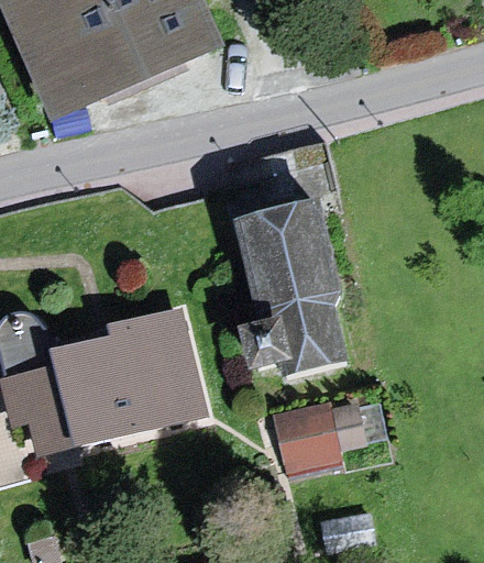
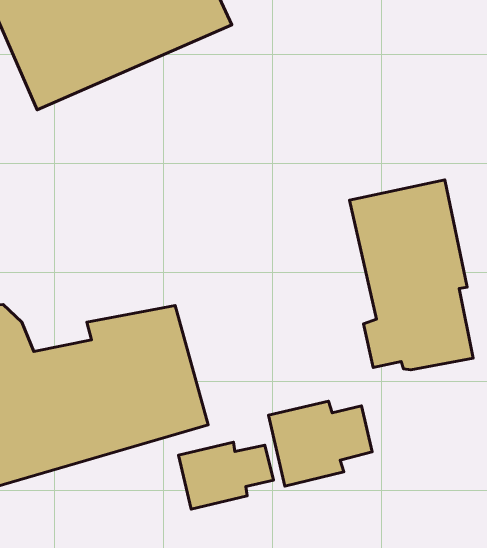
building: [233,195,349,372] -> [349,180,473,370]
building: none -> [178,442,273,509]

